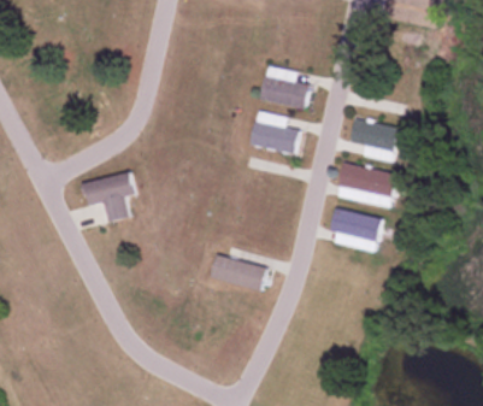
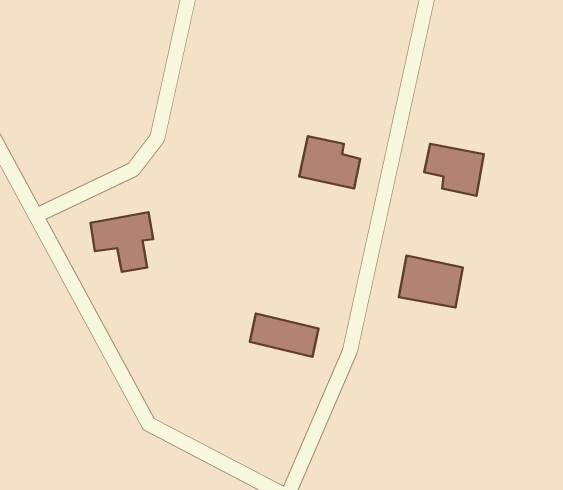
building: [260,66,310,108] -> none
building: [337,164,397,206] -> none

